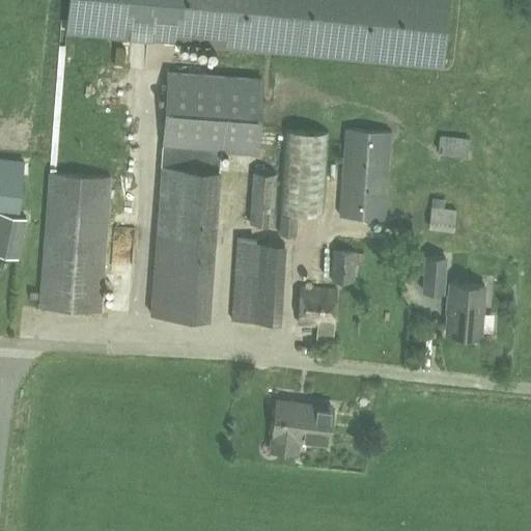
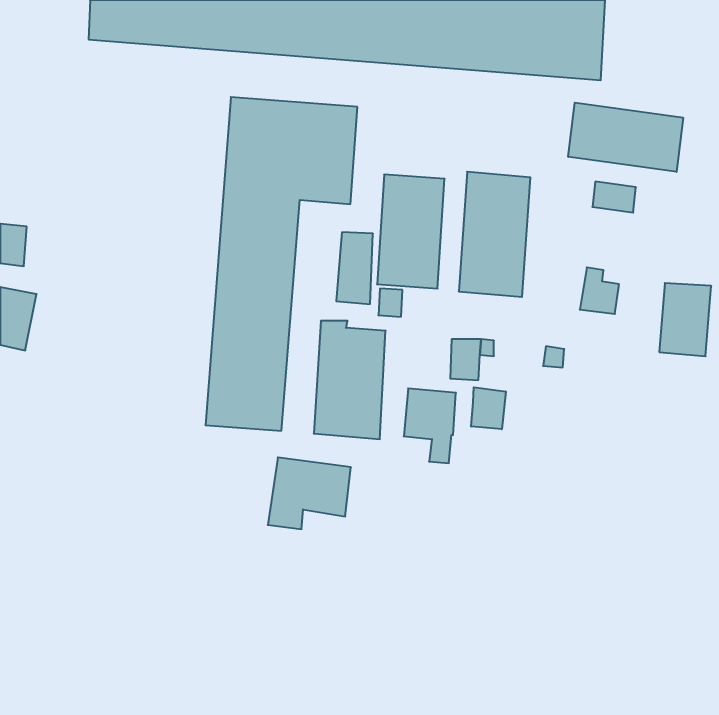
building: none -> [568,103,683,172]
building: [37,174,112,314] -> none
building: [423,258,445,296] -> none
building: [446,284,484,338] -> [659,283,711,356]
building: none -> [471,387,506,429]
building: [271,402,332,455] -> [268,457,351,529]

